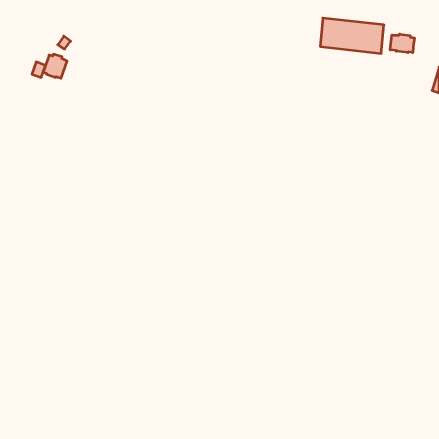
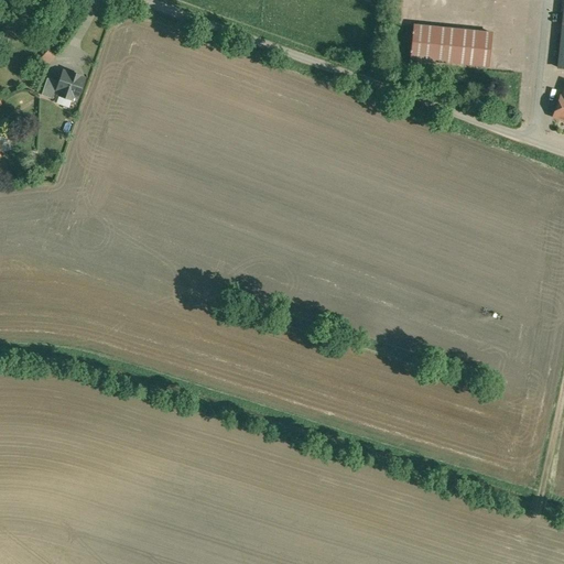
building: [390,34,414,53] -> none

